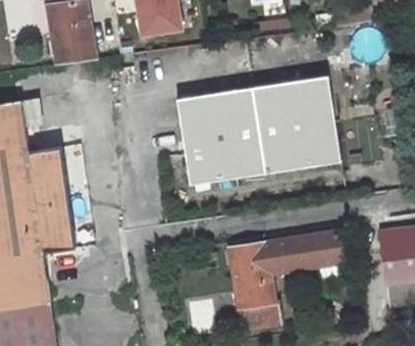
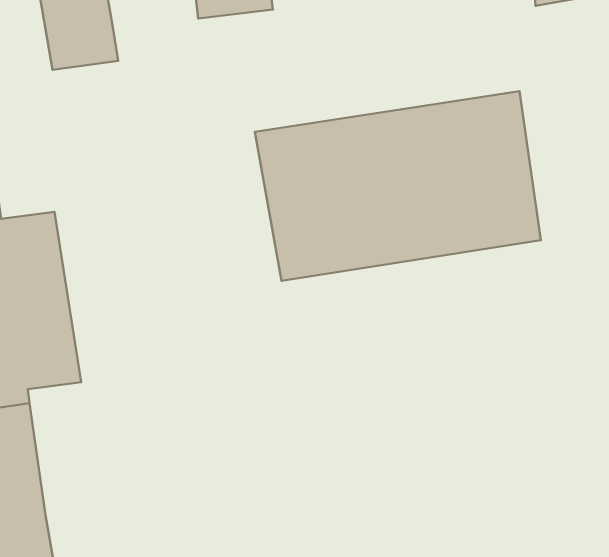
building: [230,232,344,329] -> none

